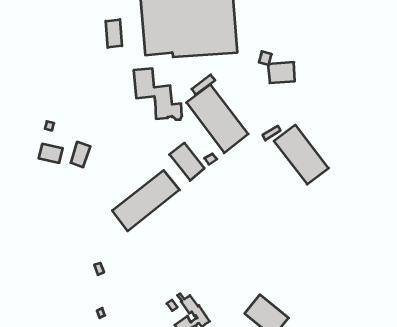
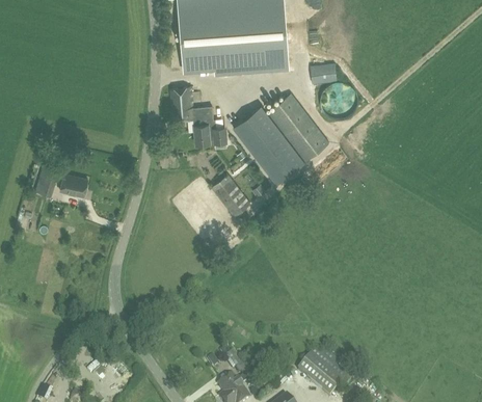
building: [106,19,122,48] -> none
building: [274,125,329,184] -> [266,93,329,162]
building: [71,142,90,167] -> [35,167,58,196]
building: [112,170,180,231] -> none

